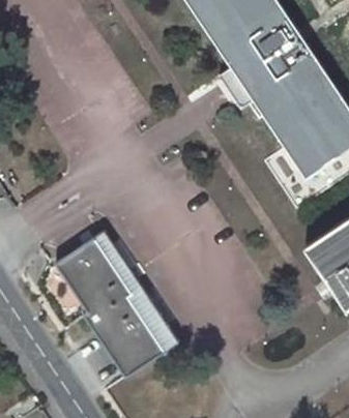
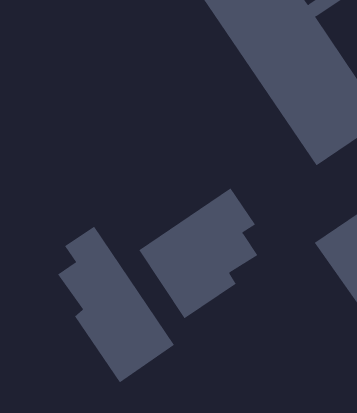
building: none -> [139,188,258,319]

